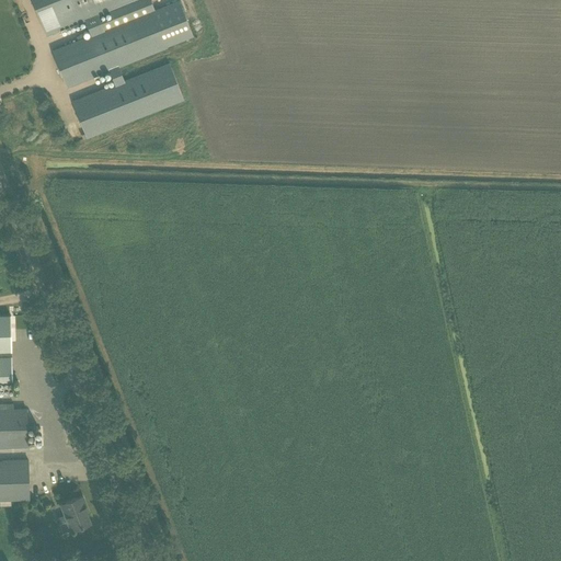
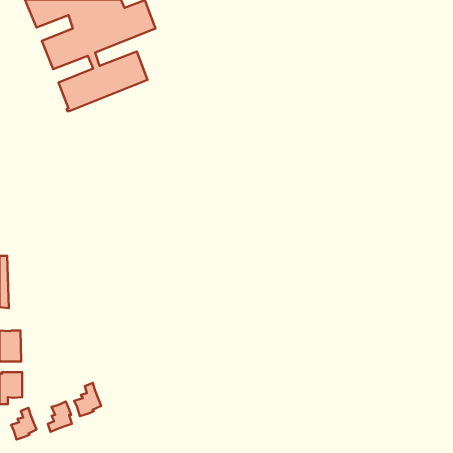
building: none -> [74,383,101,416]
building: none -> [11,408,37,439]

